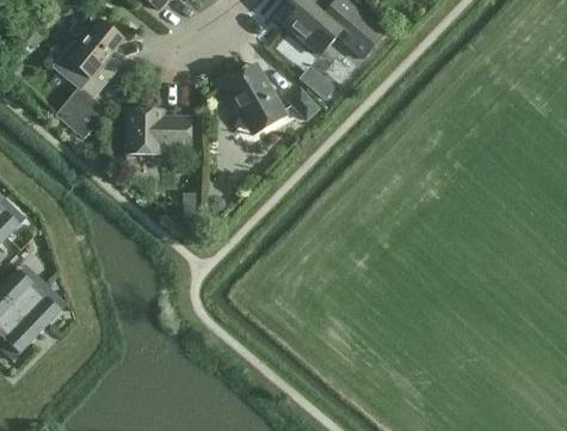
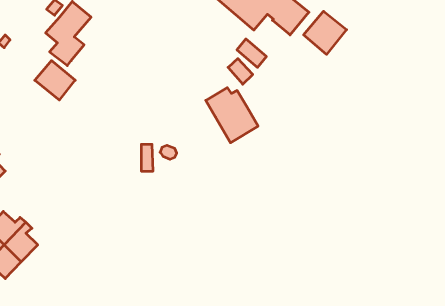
building: none -> [304,11,347,54]
building: [222,67,285,134] -> [206,88,258,143]
building: [125,109,189,153] -> none

